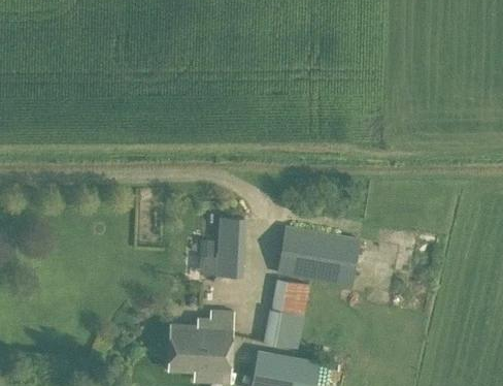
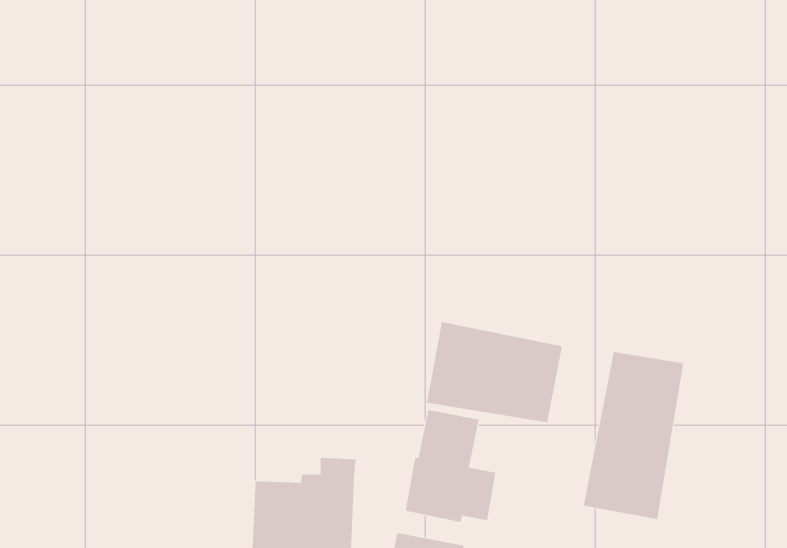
building: [198,215,243,275] -> none
building: none -> [583,351,684,520]

